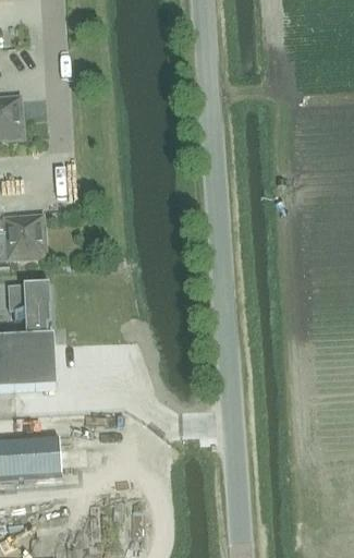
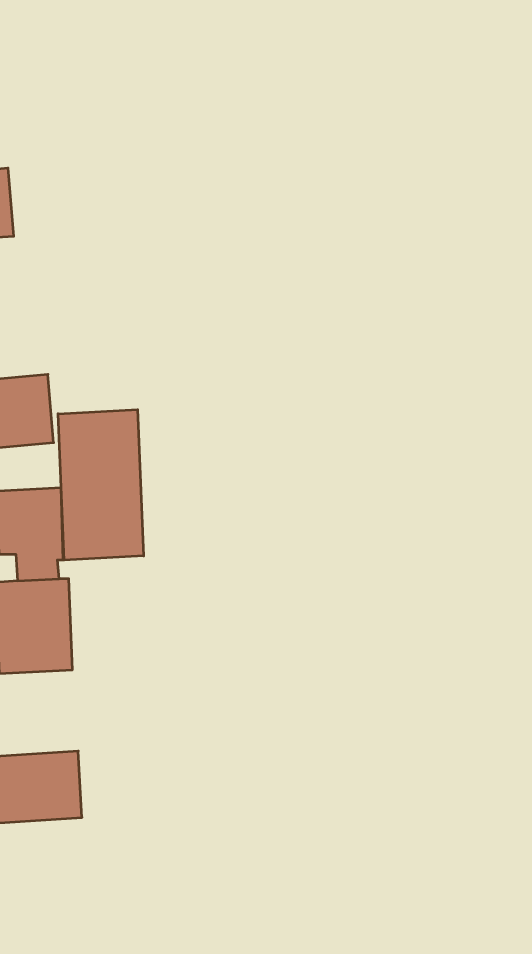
building: none -> [58,410,144,560]

